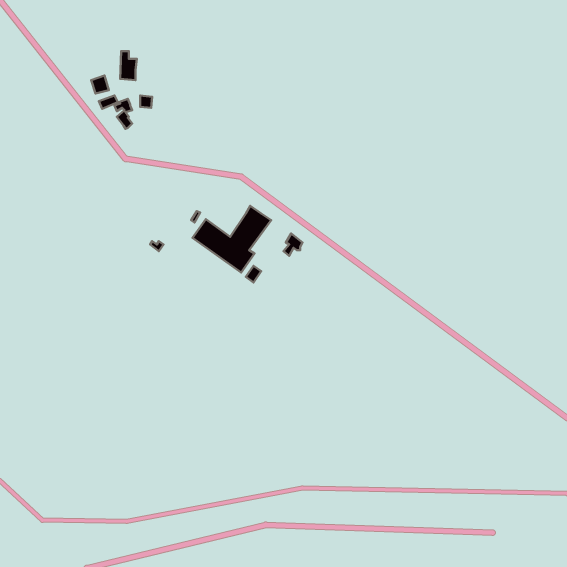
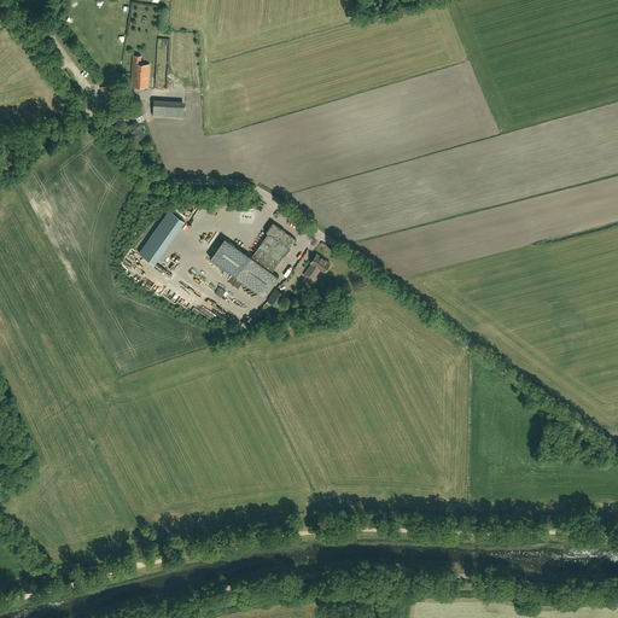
building: none -> [141,209,188,264]

